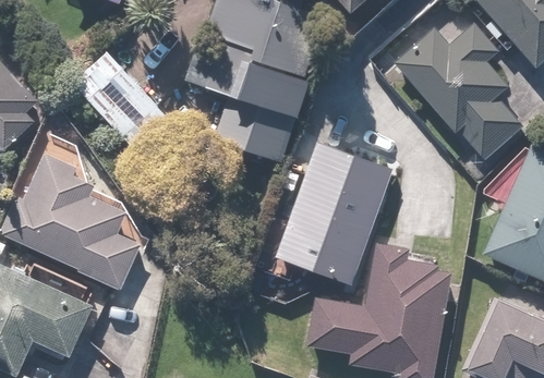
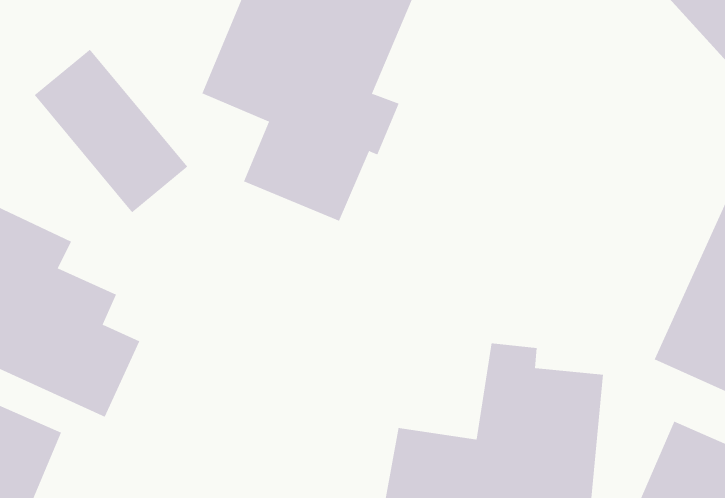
building: [389,23,521,160] -> none
building: [276,133,395,283] -> none

